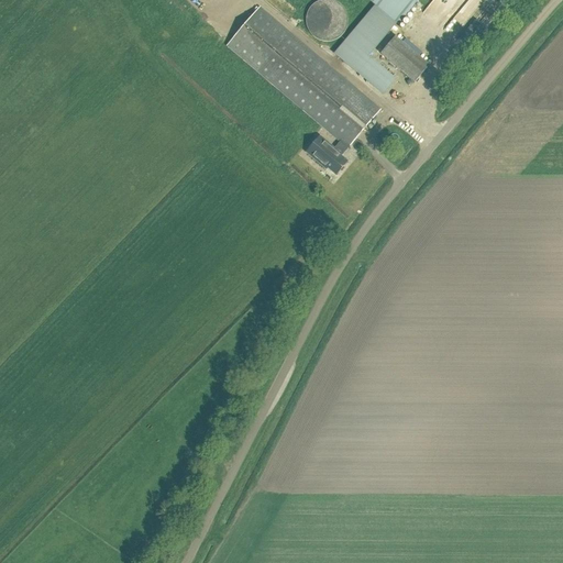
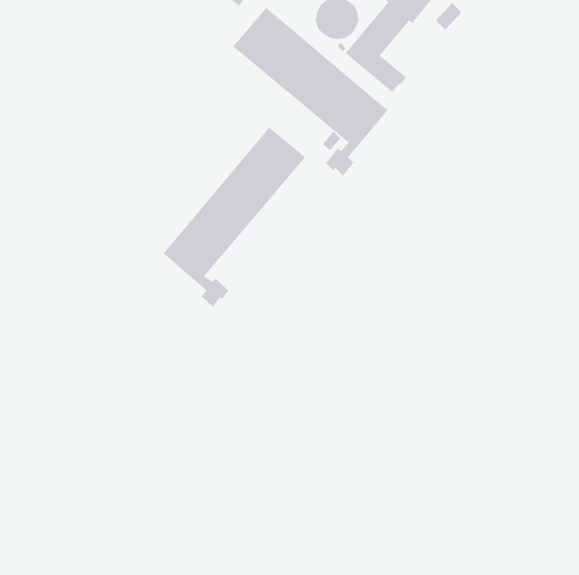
building: [380,34,430,80] -> none
building: none -> [162,127,306,308]

